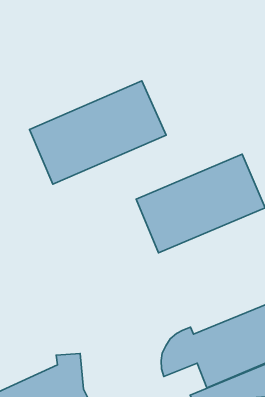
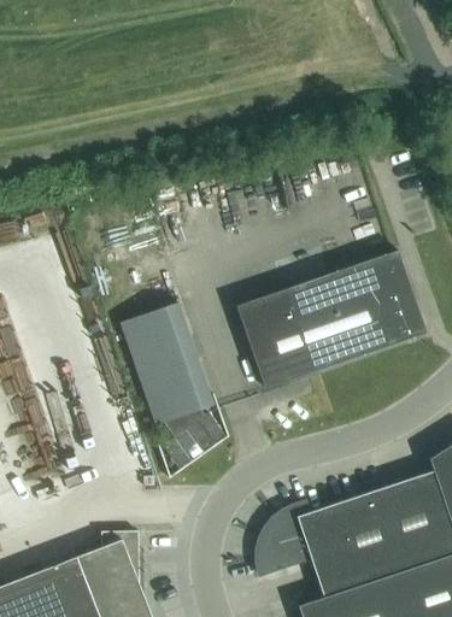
building: [29,81,166,184] -> none
building: none -> [121,305,225,470]

